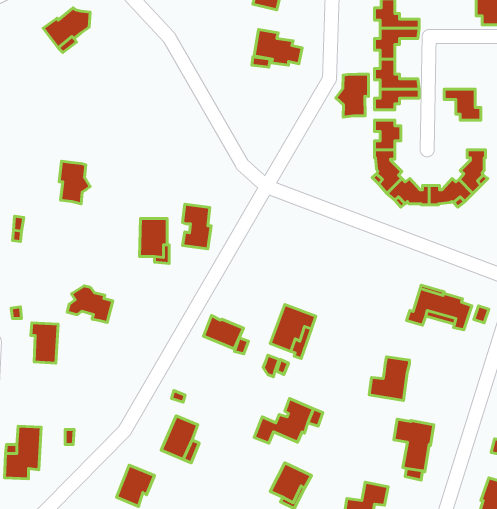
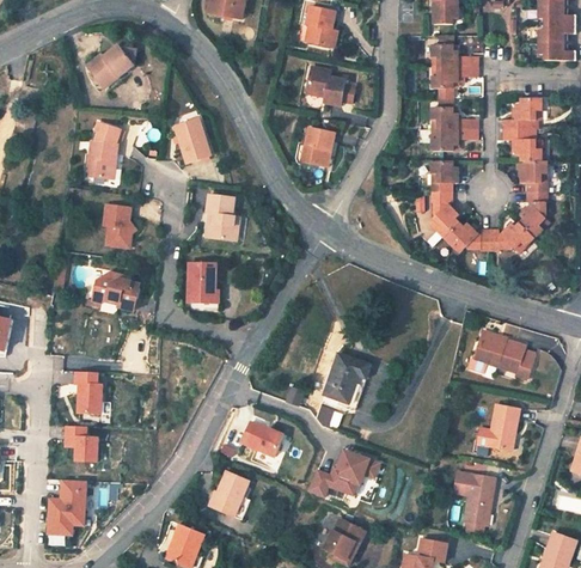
building: none -> [504,97,543,128]
building: [336,74,368,117] -> none
building: none -> [175,120,210,164]
building: none -> [86,122,122,178]
building: none -> [301,127,335,166]
building: none -> [521,160,548,191]
building: [182,204,211,249] -> [207,194,237,240]
building: [67,286,113,323] -> [92,271,140,310]
building: [203,316,243,349] -> [240,421,282,456]
building: [369,357,409,400] -> [475,405,516,451]
building: none -> [63,425,100,462]

